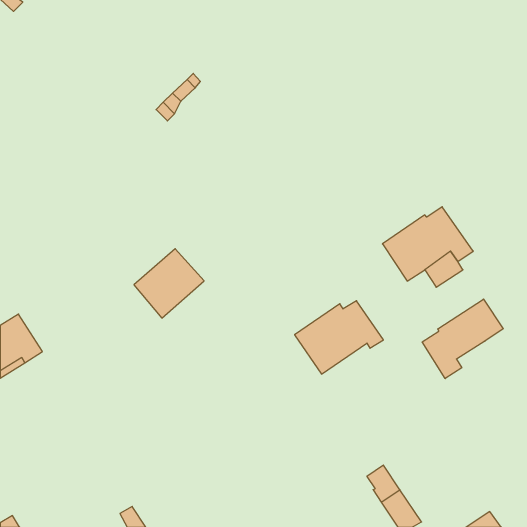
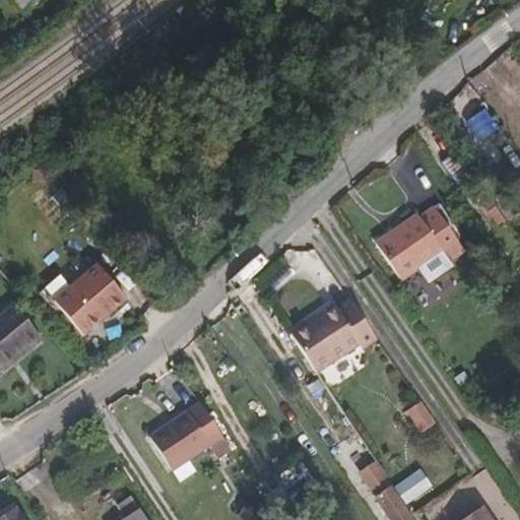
building: [134,249,204,318] -> [55,268,124,336]
building: [422,299,503,379] -> none
building: none -> [148,403,232,471]

